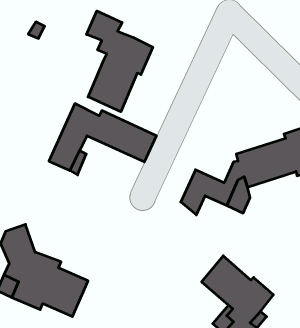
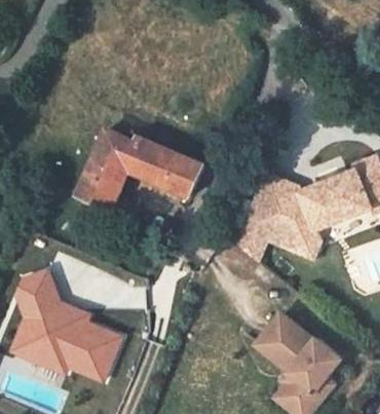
building: [87,11,153,112] -> none
building: none -> [249,174,299,223]

